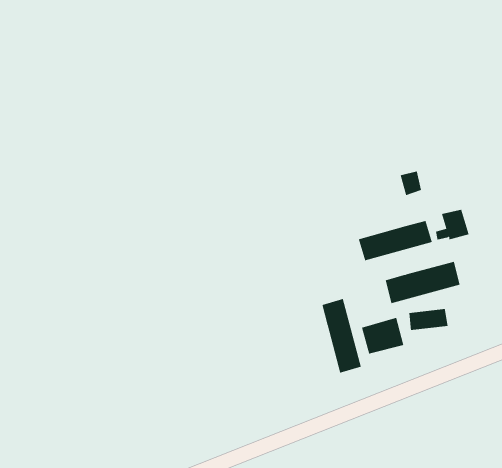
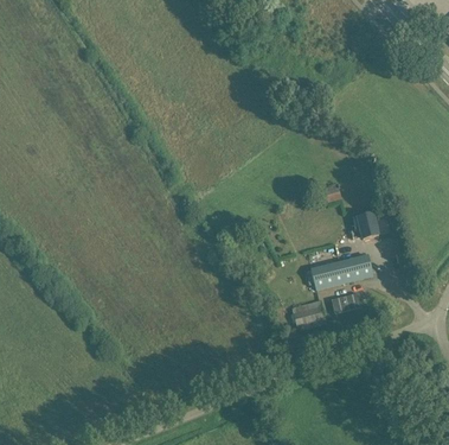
building: [358,220,433,261] -> none
building: [322,298,361,373] -> none

